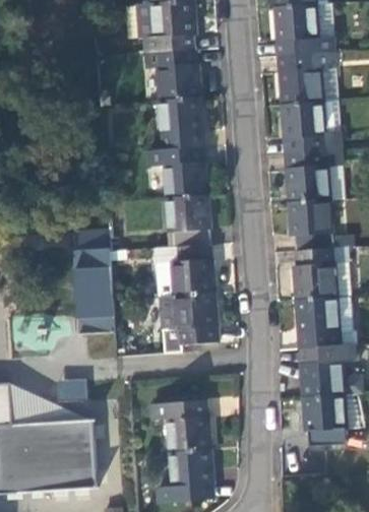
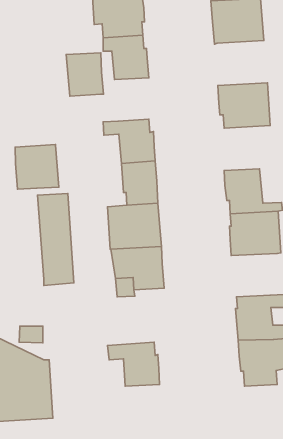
building: [275,52,336,104] -> none
building: [161,94,203,144] -> [66,53,103,96]
building: [284,149,344,201] -> none
building: none -> [15,144,59,189]
building: [295,297,350,346] -> none
building: [159,447,216,499] -> none

